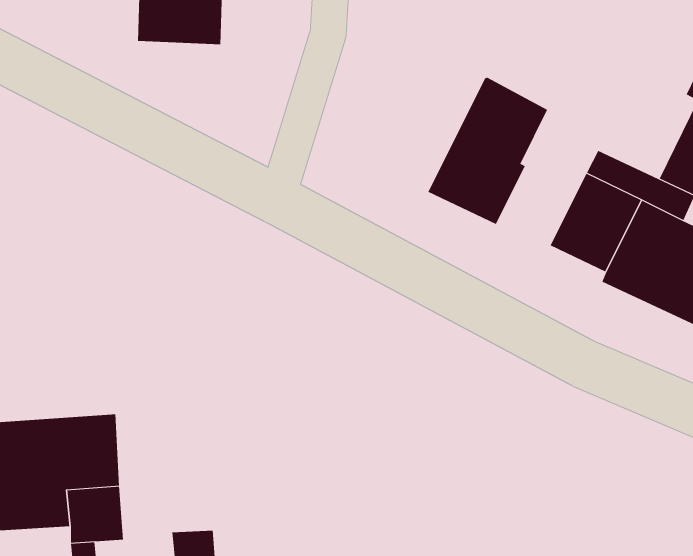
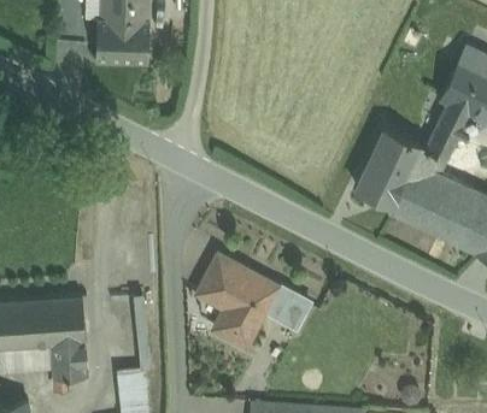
building: [428,77,548,225] -> none
building: none -> [196,254,310,346]

